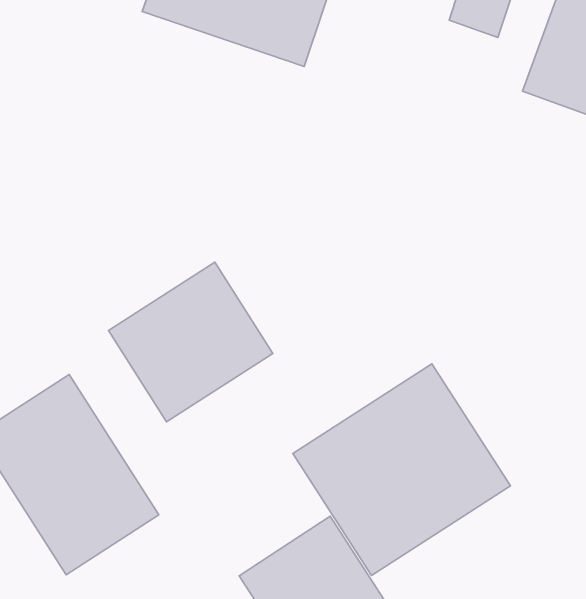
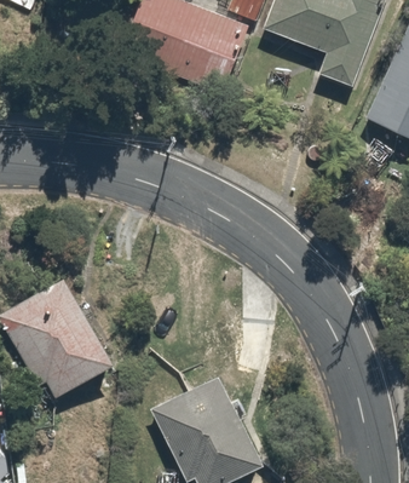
building: [108,262,273,422] -> none
building: [293,364,510,575] -> none

